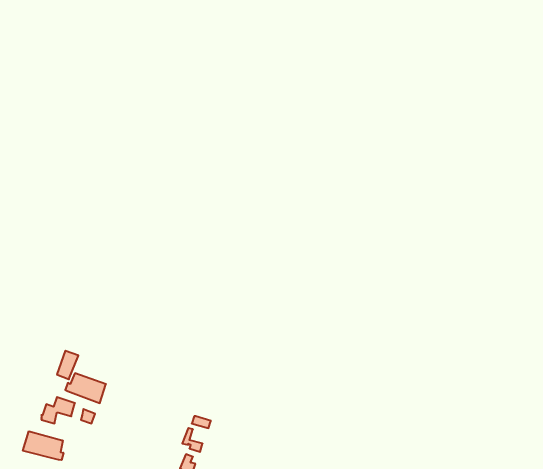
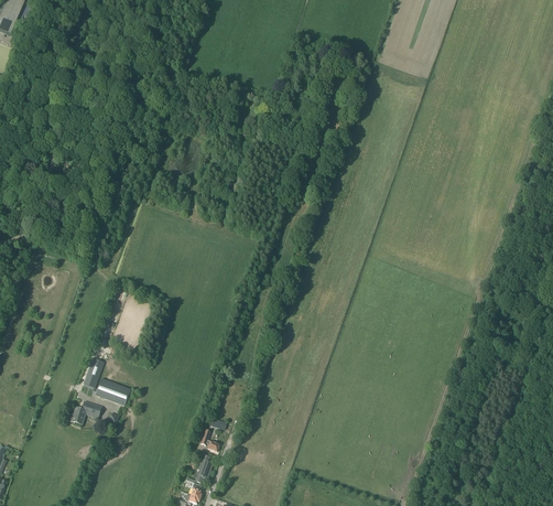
building: [23,431,63,460] -> none

